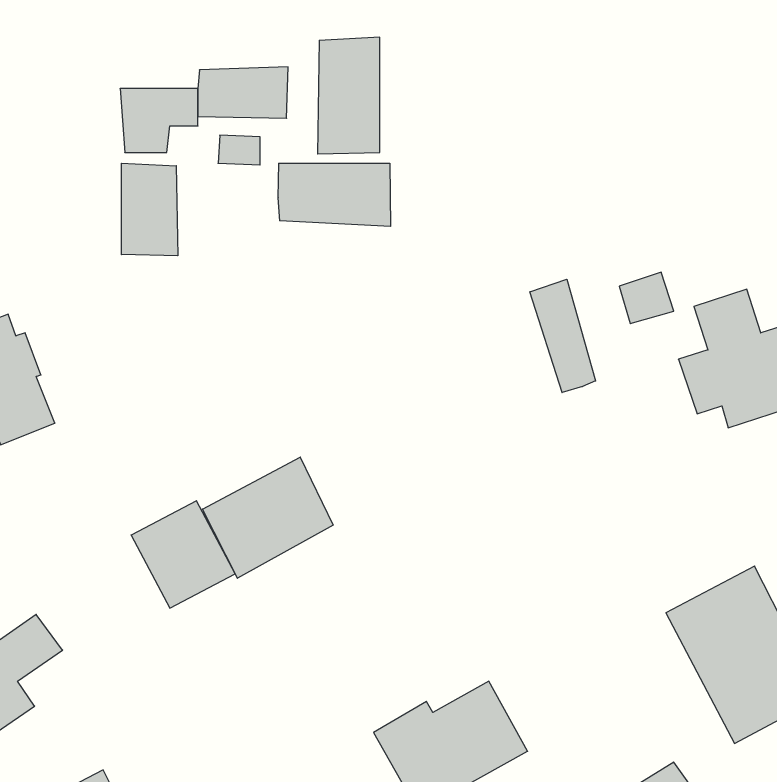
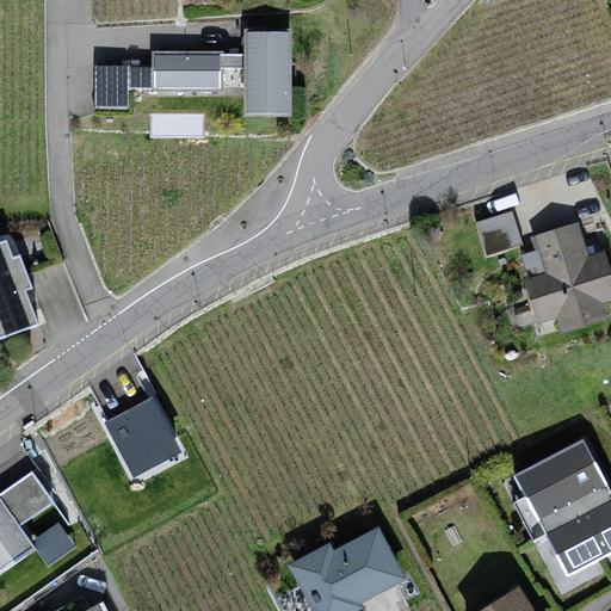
building: [121,163,178,256] -> none
building: [278,163,391,226] -> none
building: [530,279,596,393] -> none
building: [202,457,333,578] -> none

